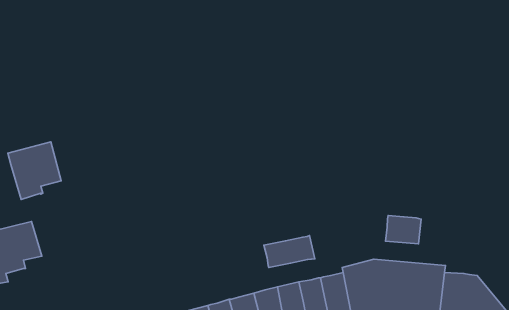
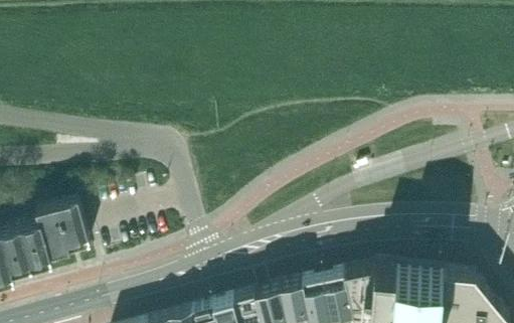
building: [8,142,61,199] -> [35,200,88,257]
building: [386,215,421,244] -> none
building: [264,236,315,267] -> none

